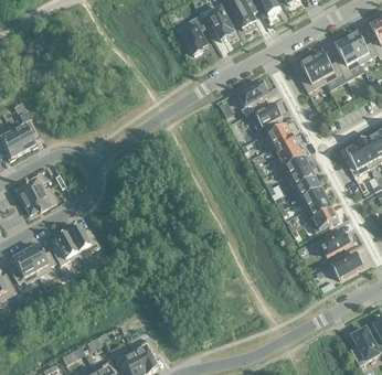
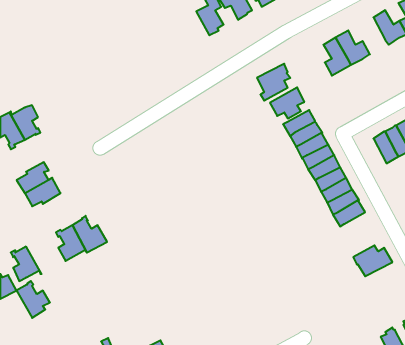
building: [336,36,361,75] -> none
building: [320,226,352,255] -> none
building: [24,240,55,275] -> [17,281,50,318]

